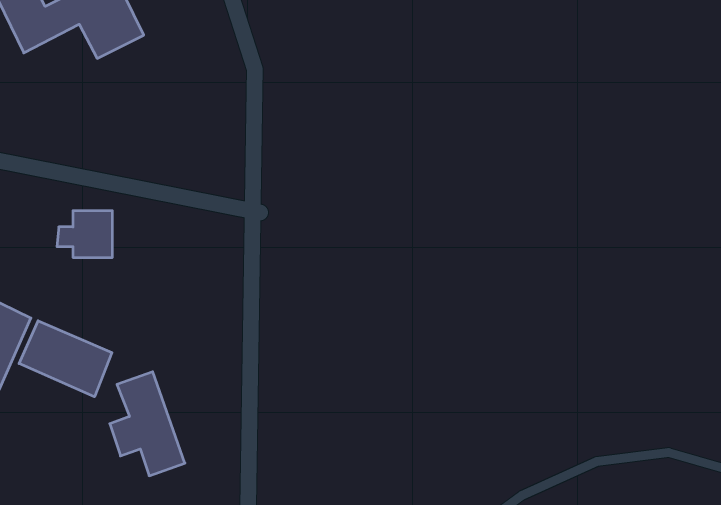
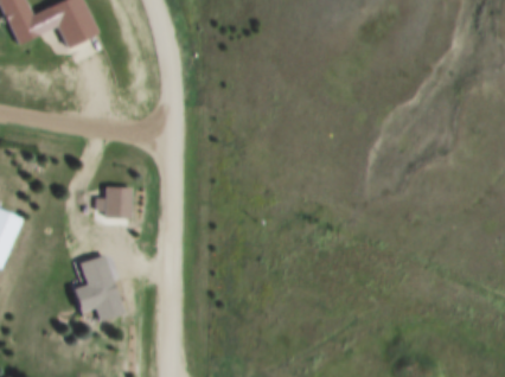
building: [57,211,112,257] -> [95,186,132,217]
building: [19,321,112,397] -> none

